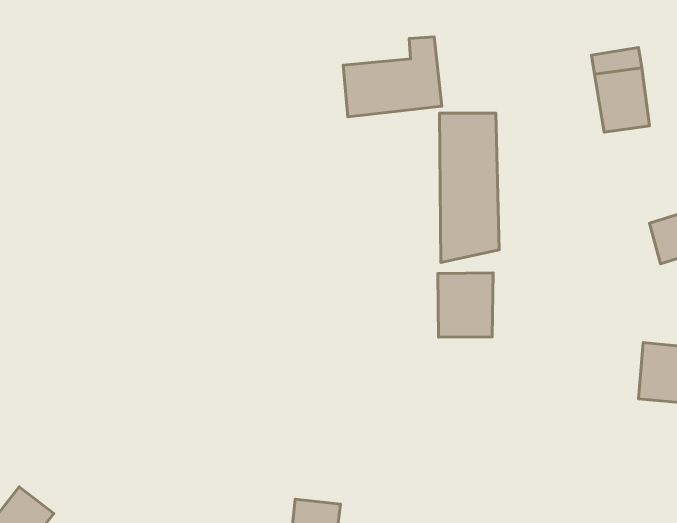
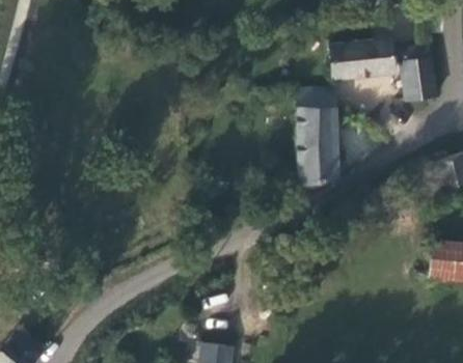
building: [343,37,442,117] -> [329,29,394,82]
building: [438,273,493,337] -> none

